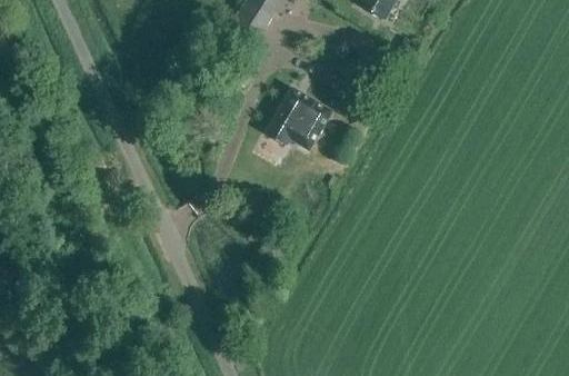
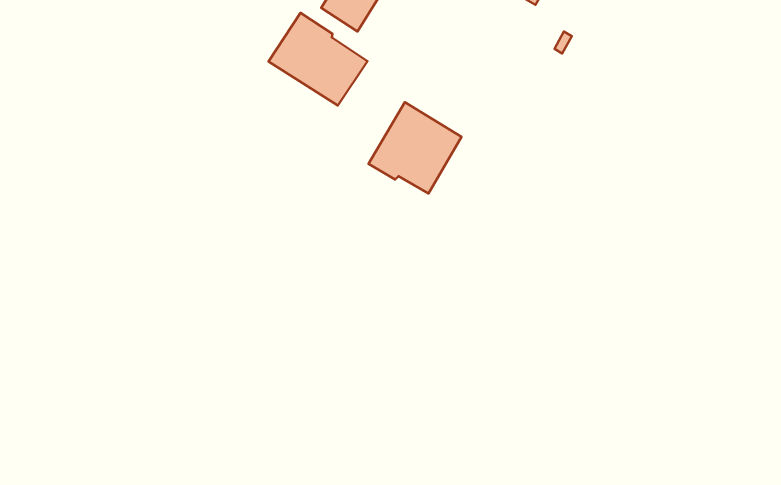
building: none -> [269,13,367,106]

